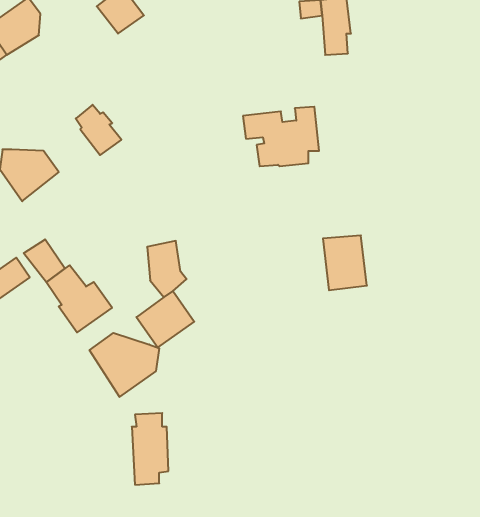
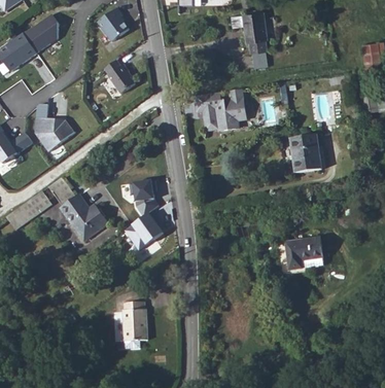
building: [76,105,121,155] -> [105,57,136,91]
building: [323,235,367,290] -> [298,137,327,174]
building: [90,333,159,397] -> none
building: none -> [291,244,325,275]

